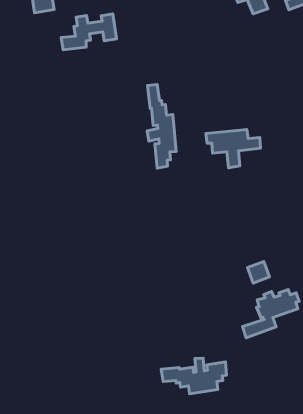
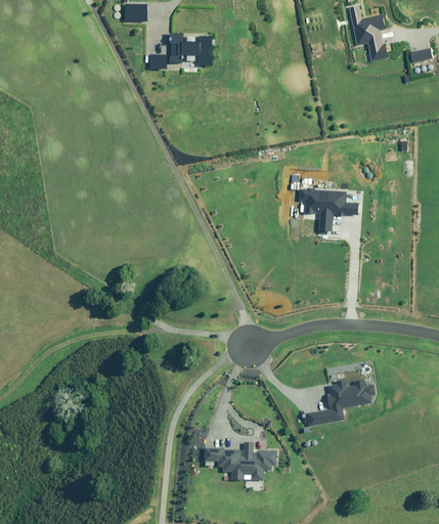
building: [147,84,176,168] -> none
building: [247,261,270,283] -> none

